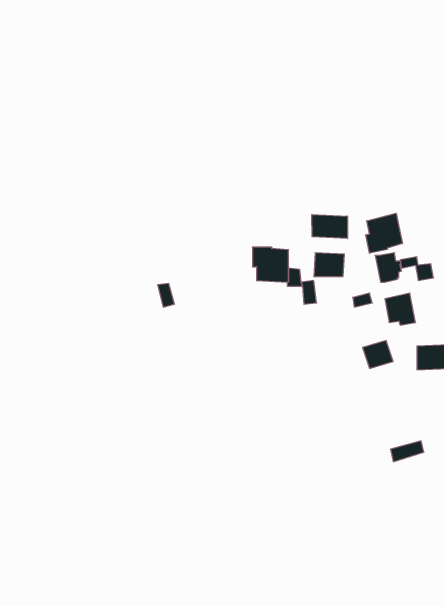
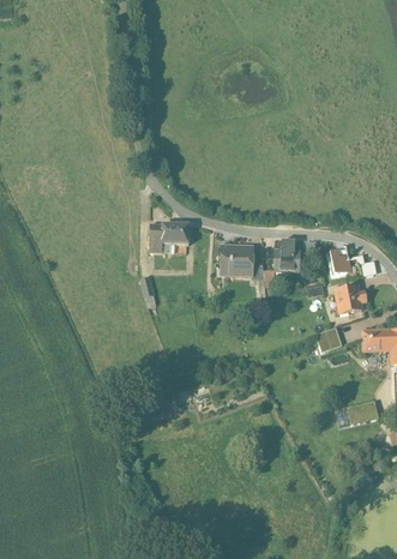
building: [366,213,402,253] -> none
building: [312,214,348,239] -> none
building: none -> [149,223,188,252]

